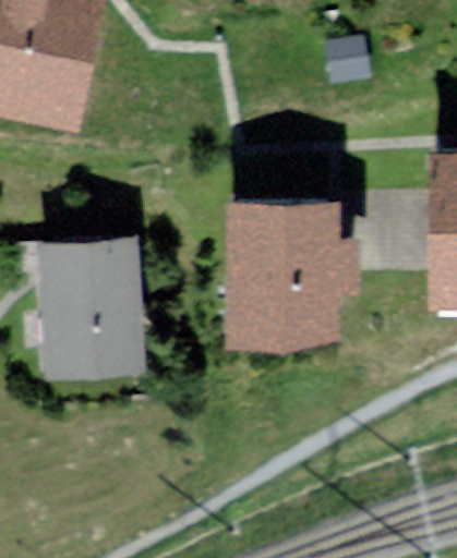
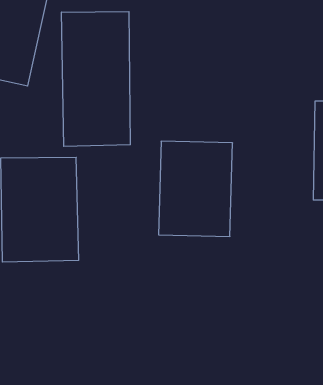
building: none -> [62,12,130,146]

